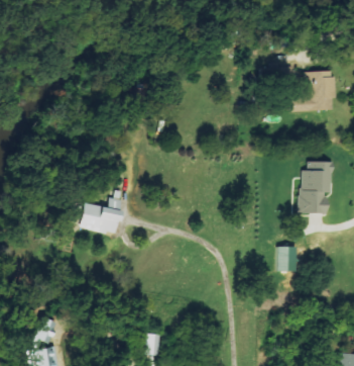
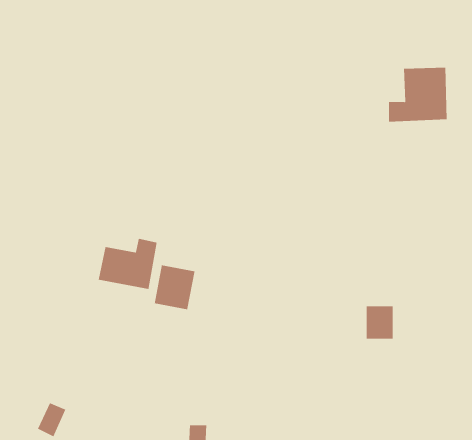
building: [299,162,330,214] -> none
building: none -> [154,265,195,310]

